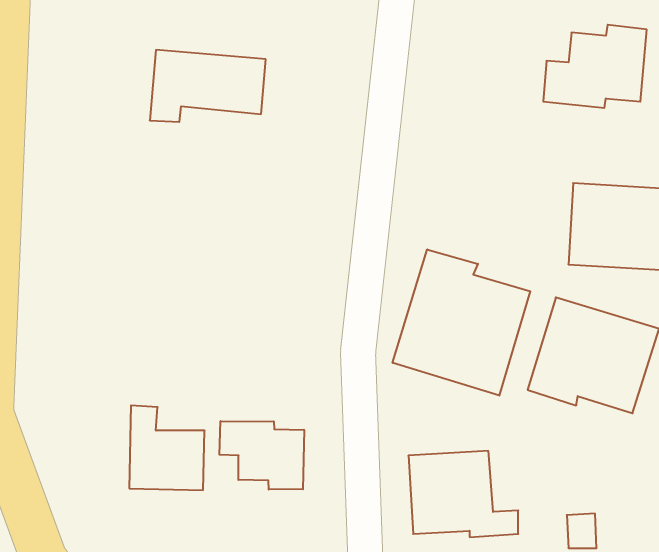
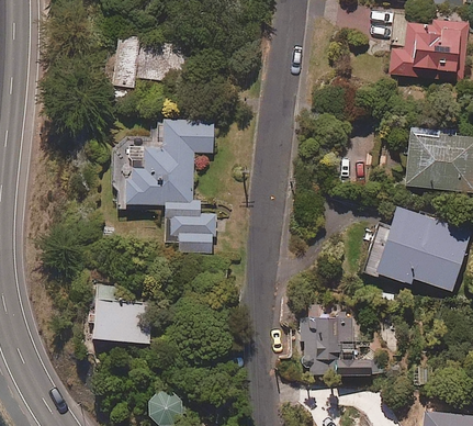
building: none -> [128,119,213,251]
building: [393,249,530,396] -> none
building: [219,421,304,490] -> none

